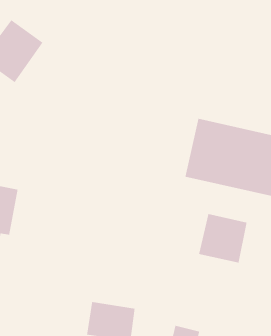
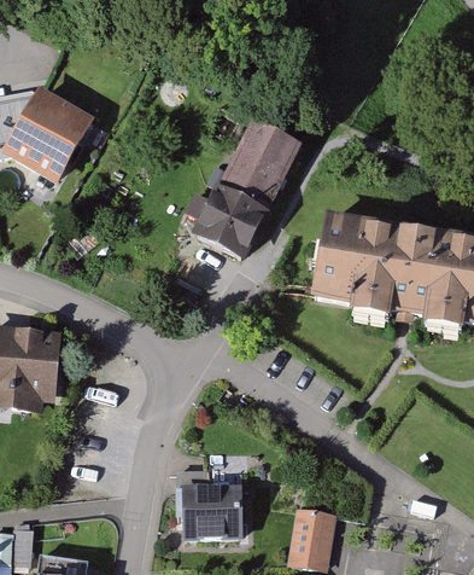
building: none -> [187,116,295,257]
building: [198,213,247,264] -> none

